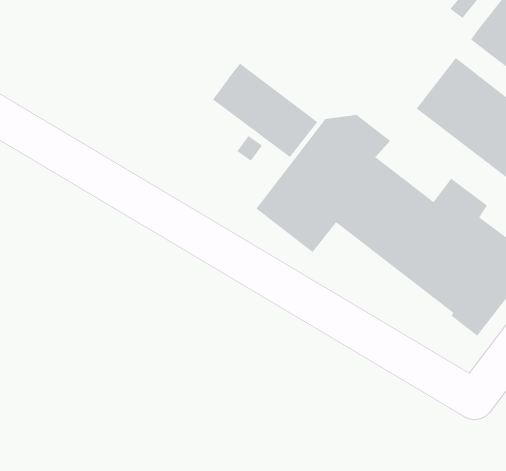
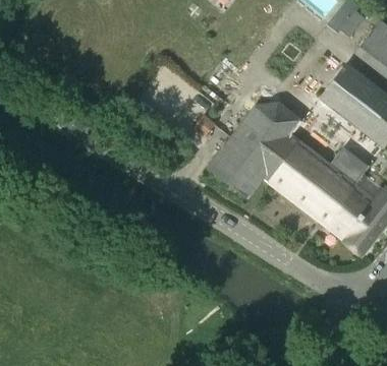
building: [212,63,318,158] -> none

